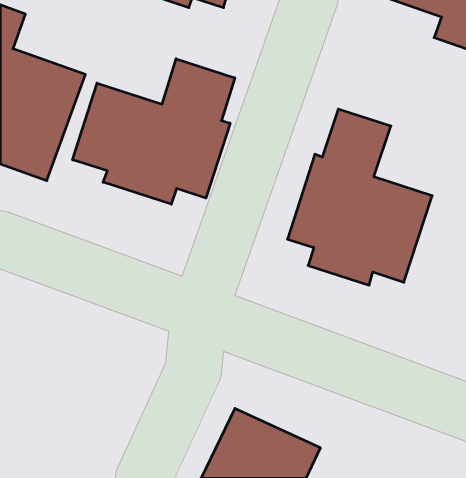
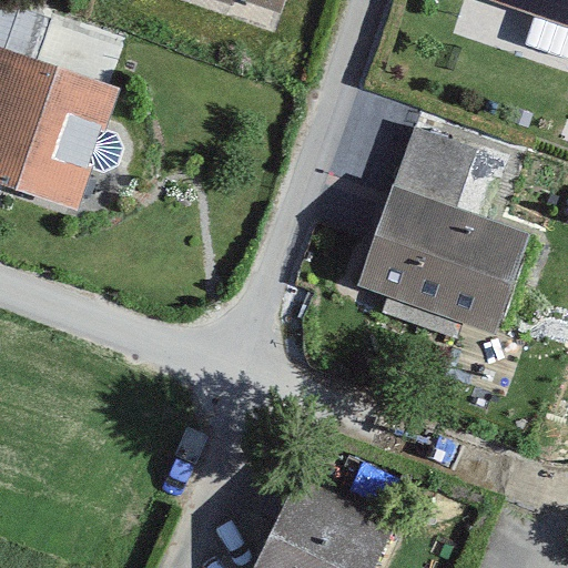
building: [73,59,235,204] -> none

